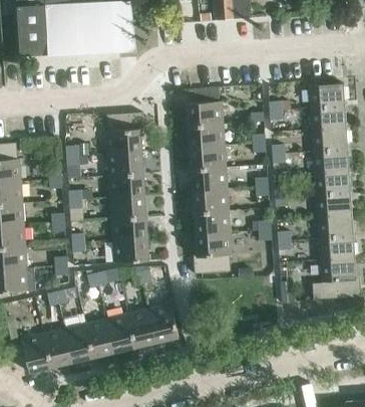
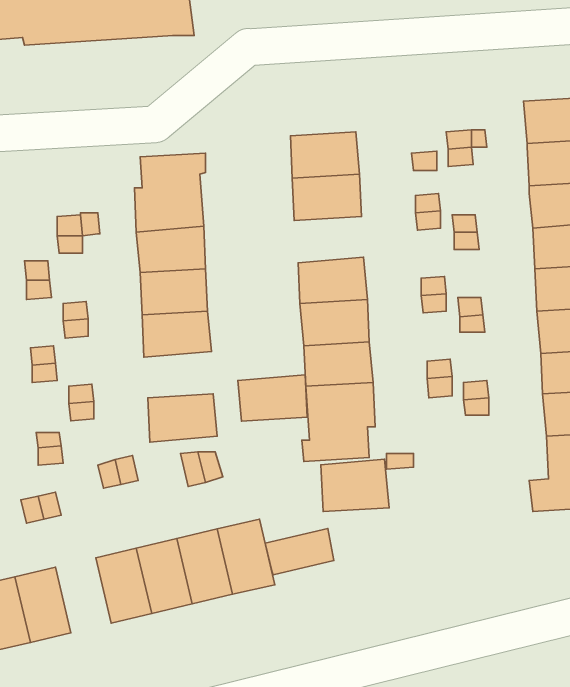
building: [189,146,225,170] -> none
building: [110,216,146,240] -> [238,375,307,421]
building: none -> [321,459,389,512]
building: none -> [265,529,334,575]
building: [64,324,93,363] -> none

